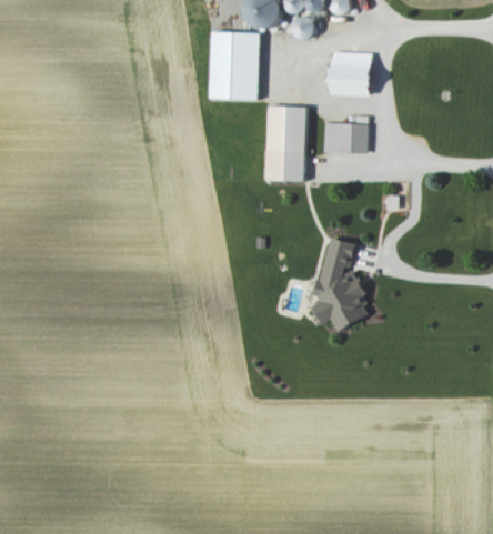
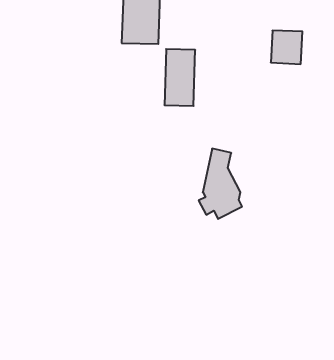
building: [329,52,371,97] -> [271,31,302,64]
building: [324,123,368,153] -> none

